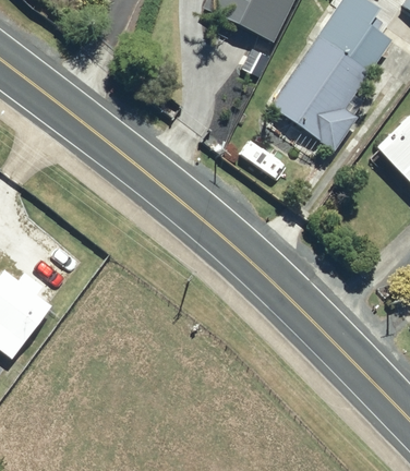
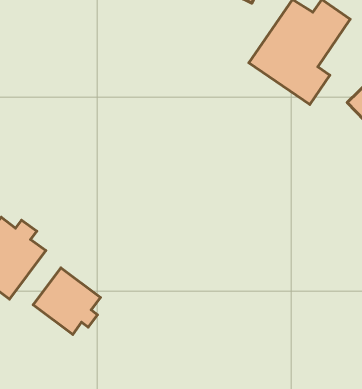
building: none -> [33,268,101,334]

